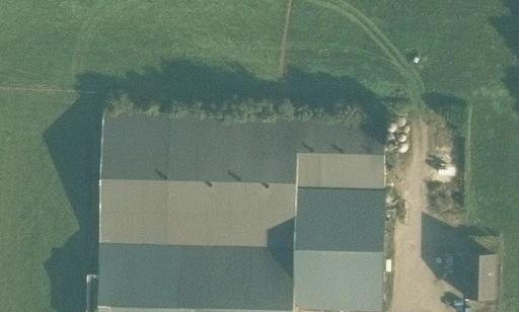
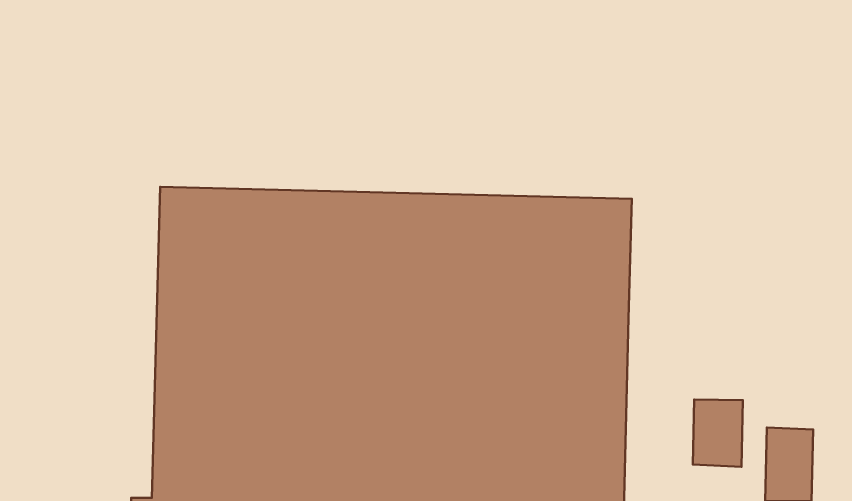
building: none -> [693,399,743,467]

